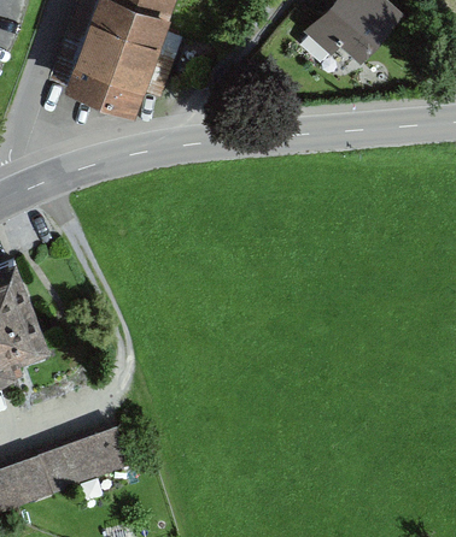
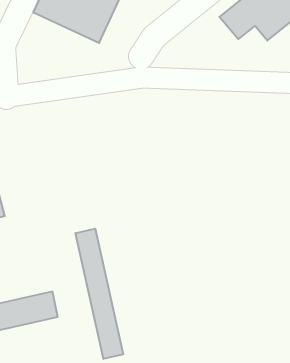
building: none -> [75,229,123,359]

